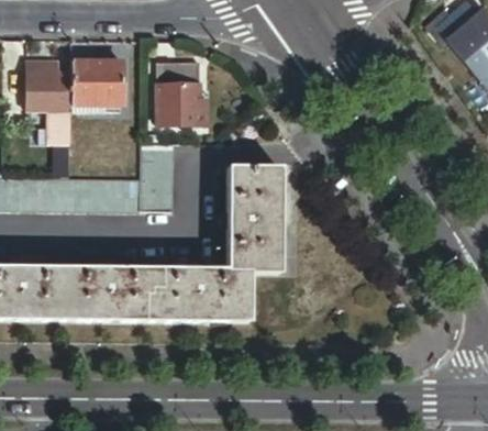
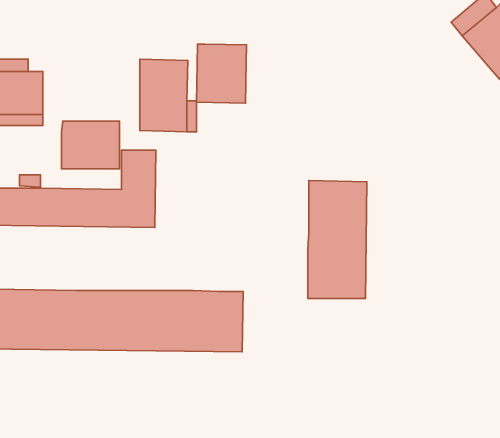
building: none -> [197,44,247,103]
building: [71,62,123,104] -> [62,121,119,169]
building: [229,163,281,268] -> [308,180,367,298]

